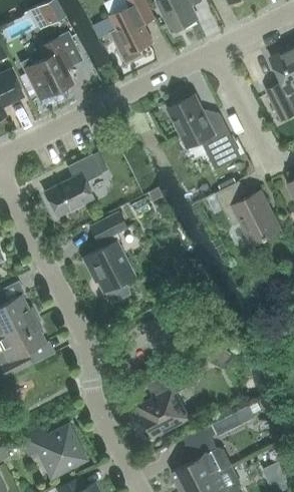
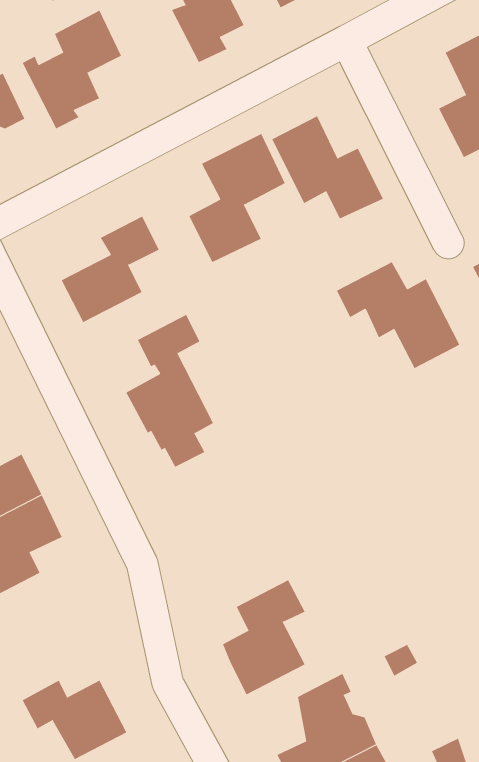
building: none -> [189,133,286,263]

